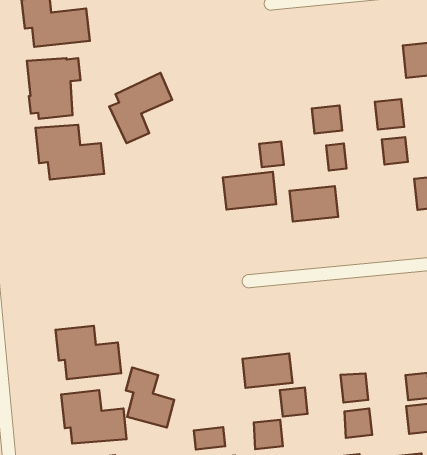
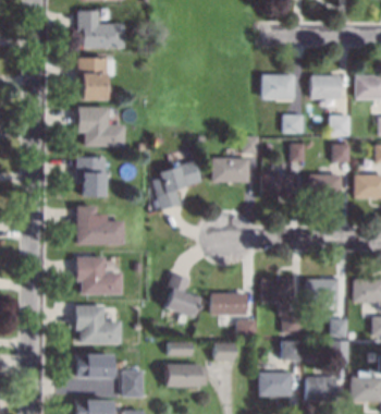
building: none -> [311,75,341,99]
building: none -> [261,74,294,98]
building: [109,73,172,143] -> [153,160,200,209]
building: none -> [306,175,340,197]
building: none -> [76,156,107,197]
building: none -> [76,205,124,244]
building: none -> [306,279,337,302]
building: none -> [262,280,295,302]
building: [126,368,174,427] -> [164,271,200,318]

